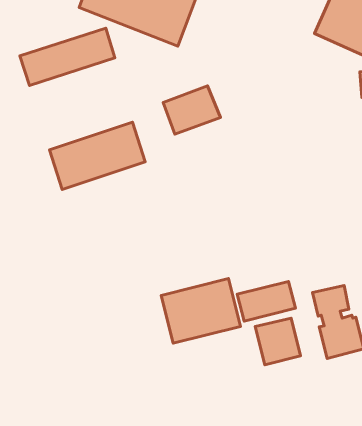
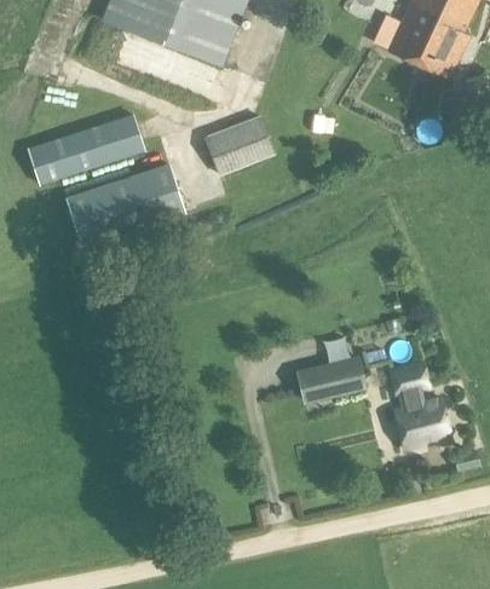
building: [20,28,115,85] -> [28,115,144,185]
building: [161,279,241,343] -> none
building: [255,318,301,365] -> none

